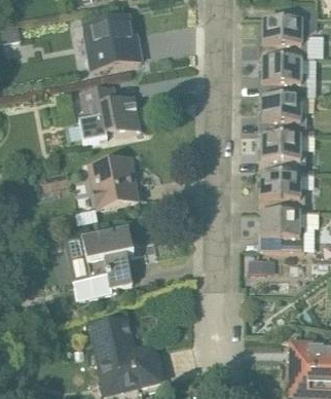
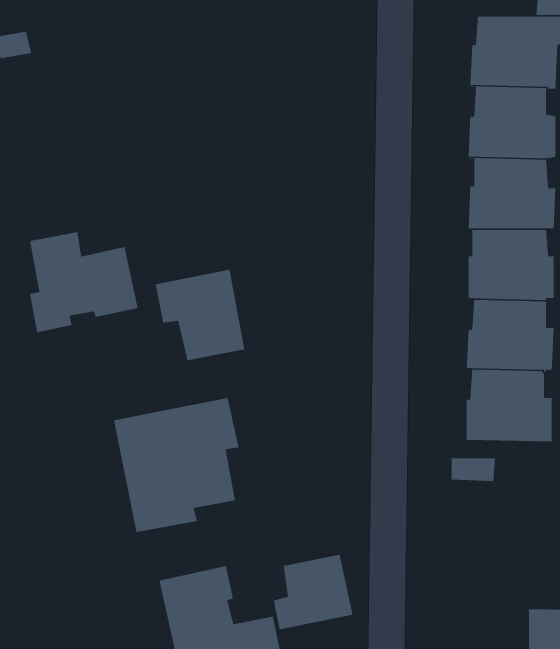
building: [82,14,141,68] -> none
building: [80,86,140,142] -> [29,231,138,333]
building: none -> [273,554,353,630]

